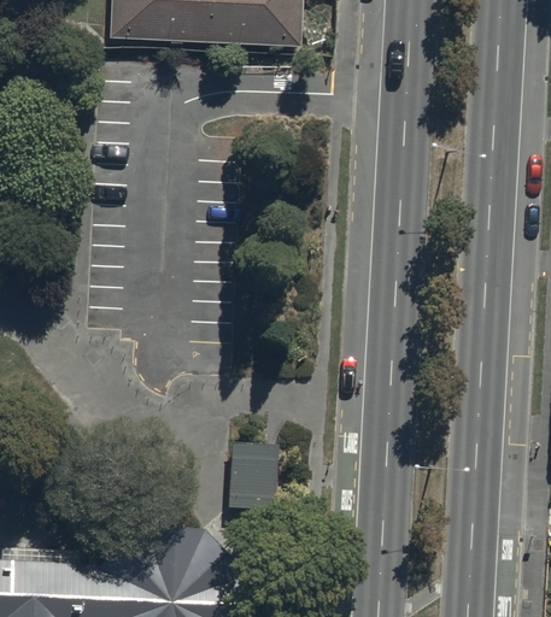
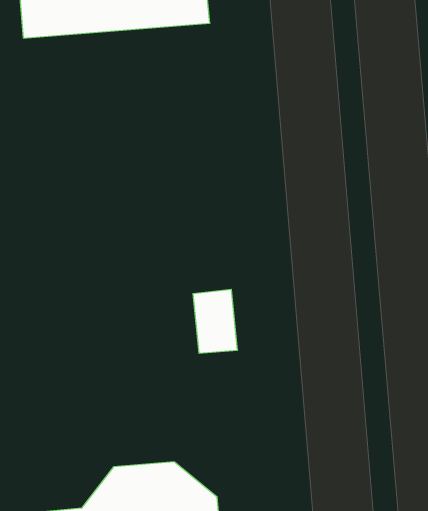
building: [228,437,272,505] -> [193,289,238,353]

